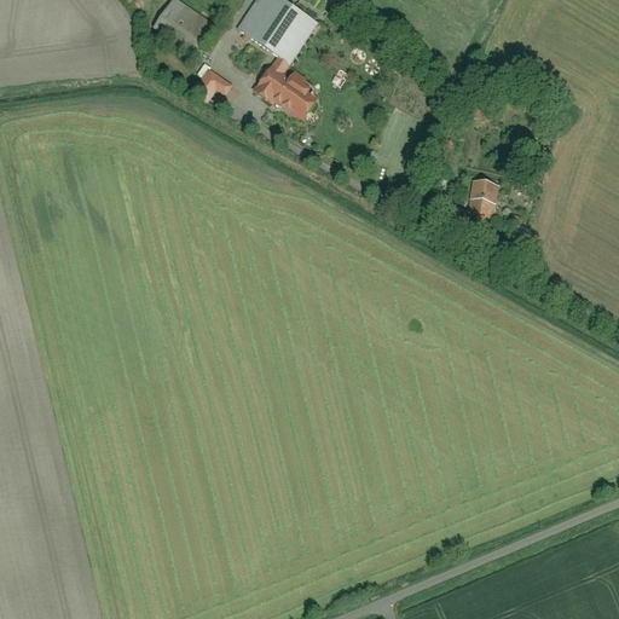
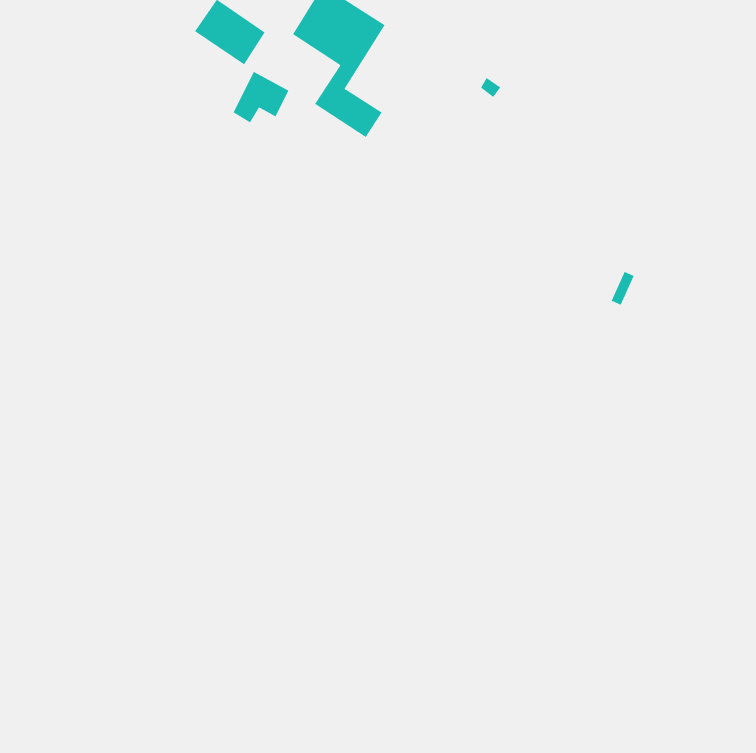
building: [469,180,494,220] -> none

